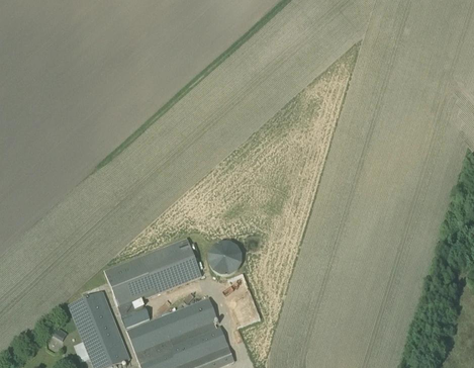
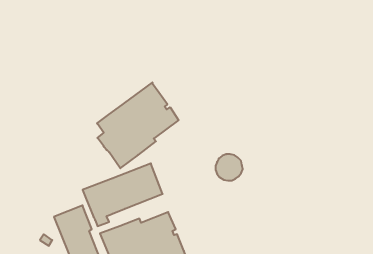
building: none -> [97,82,179,168]
building: [208,242,242,274] -> [216,154,243,181]

